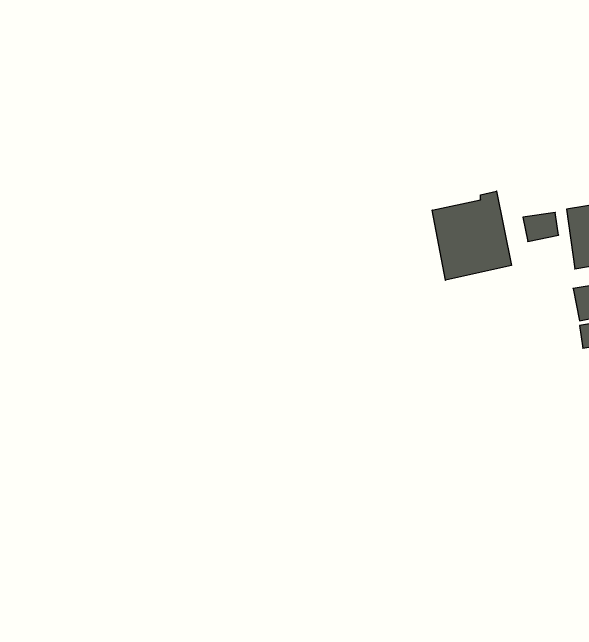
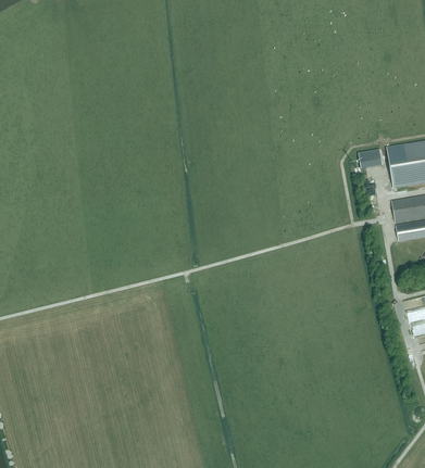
building: [432,191,511,280] -> none

